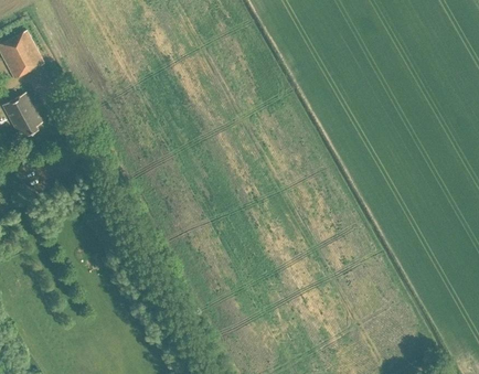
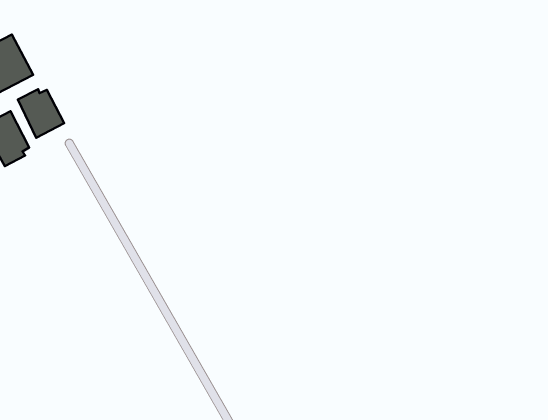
building: none -> [18,89,64,138]

